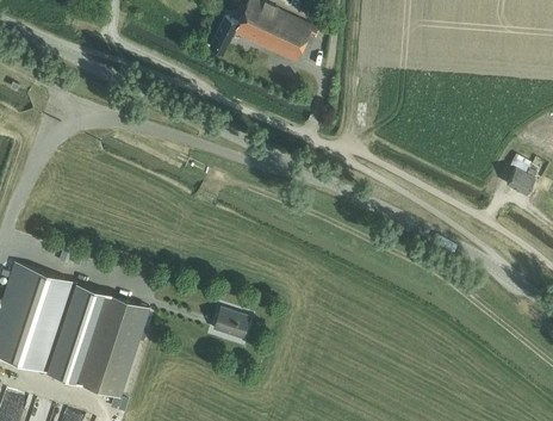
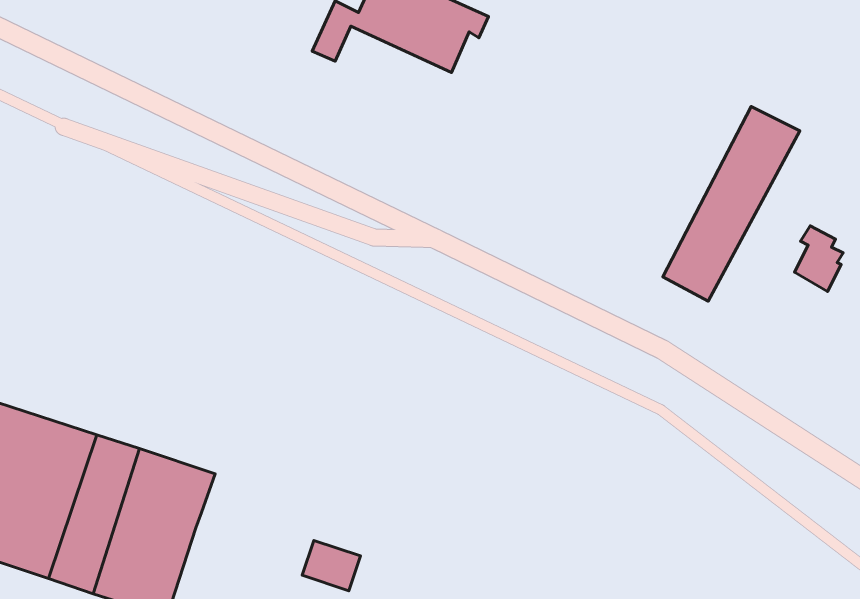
building: none -> [663,107,800,301]
building: [212,309,248,340] -> [302,540,360,591]

